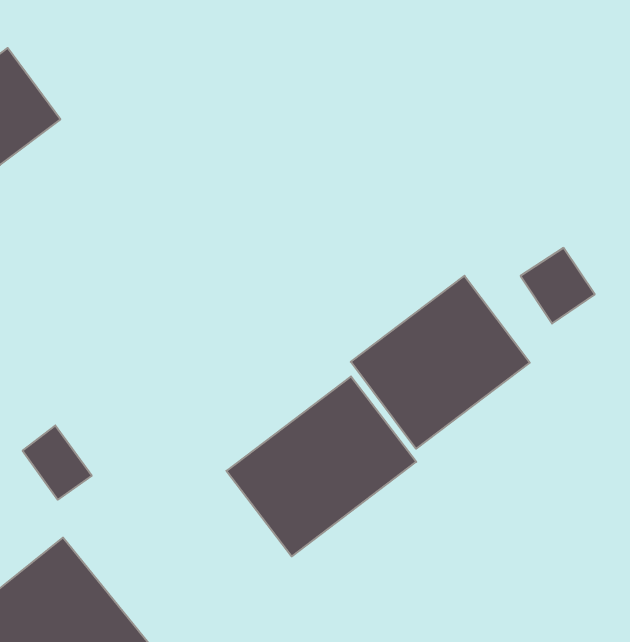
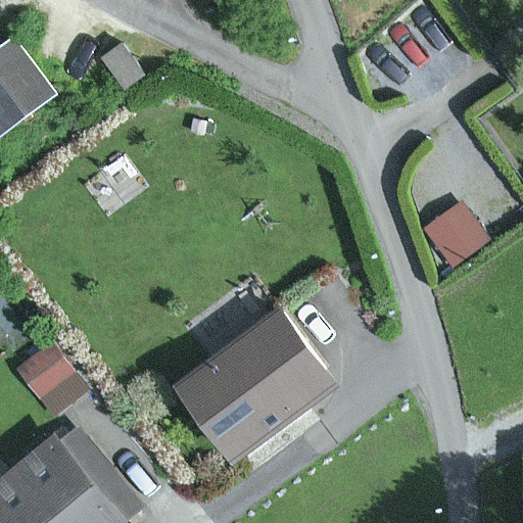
building: [351,276,530,449] -> none

